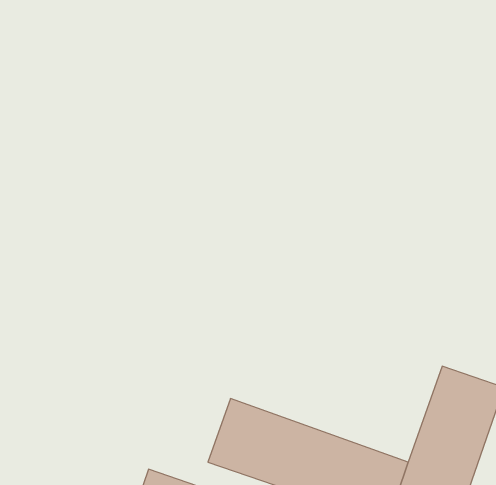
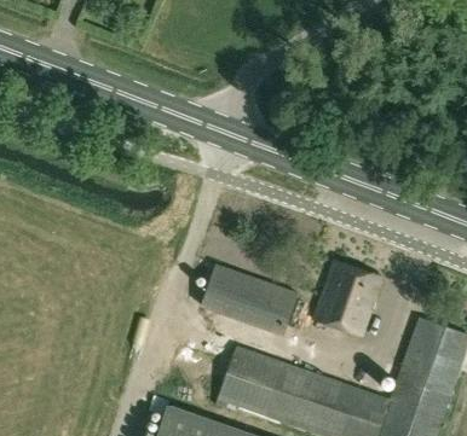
building: none -> [313,260,381,336]
building: none -> [200,264,299,336]

